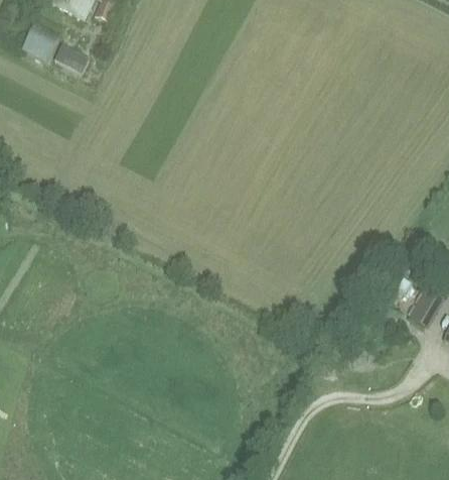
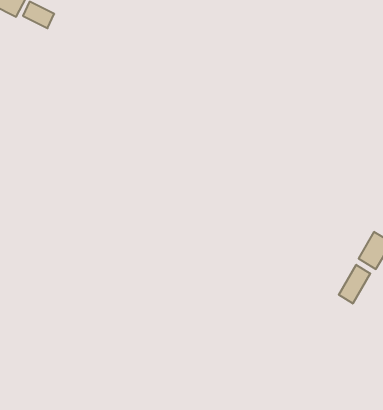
building: none -> [339,265,370,304]

